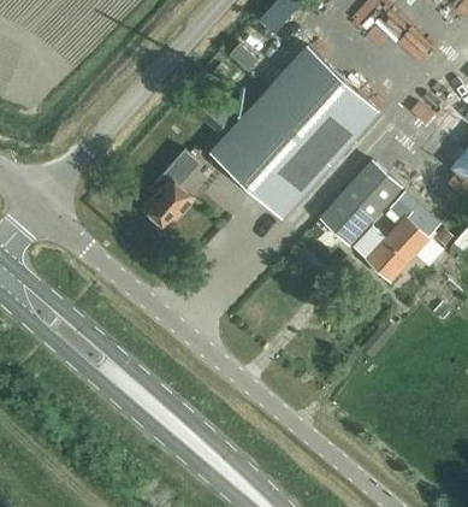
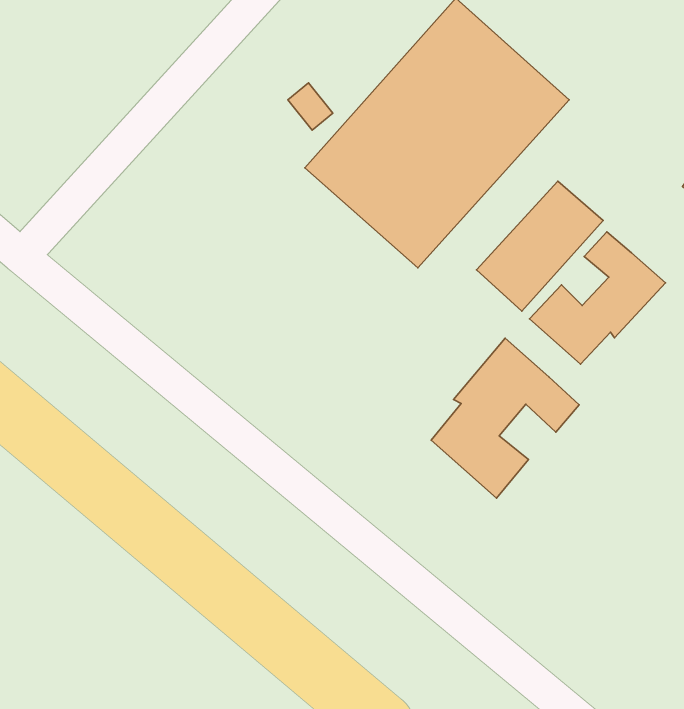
building: [143,151,199,229] -> none
building: none -> [431,338,579,498]

